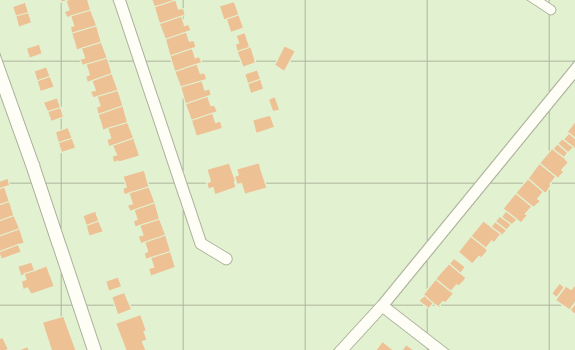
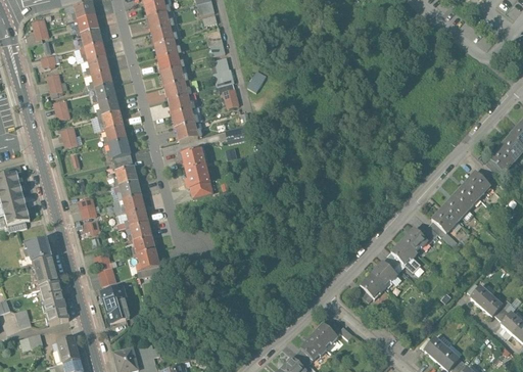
building: [235,163,267,194] -> [179,144,205,170]
building: none -> [136,249,160,275]
building: none -> [33,259,58,288]

